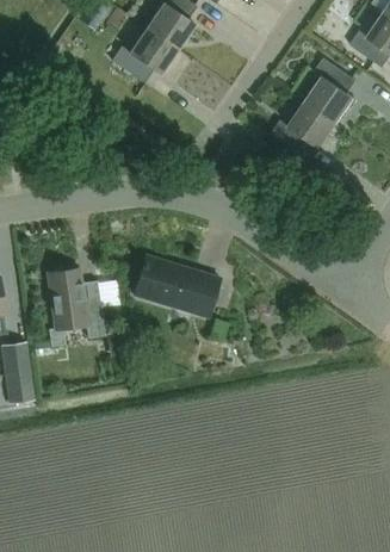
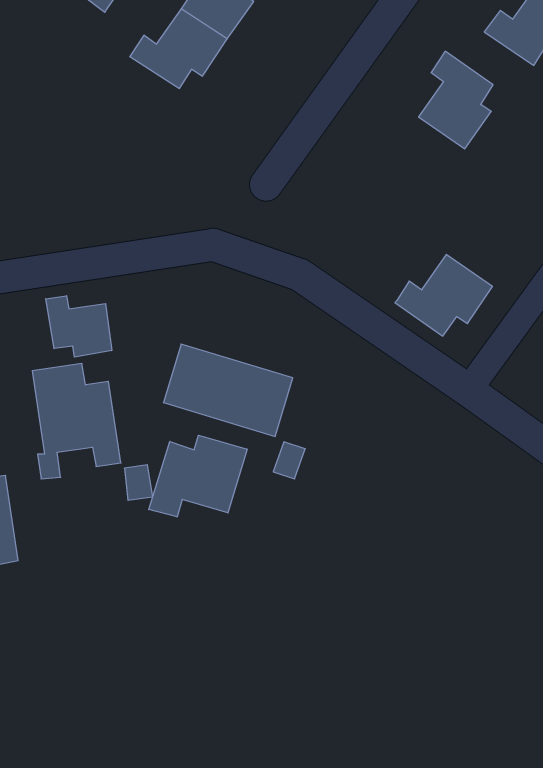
building: [270,101,335,156] -> [395,254,492,336]
building: none -> [46,296,112,357]
building: none -> [149,435,247,517]

